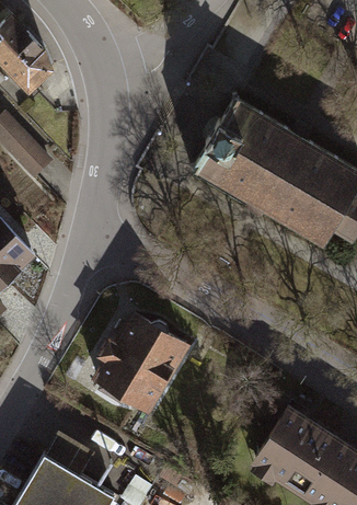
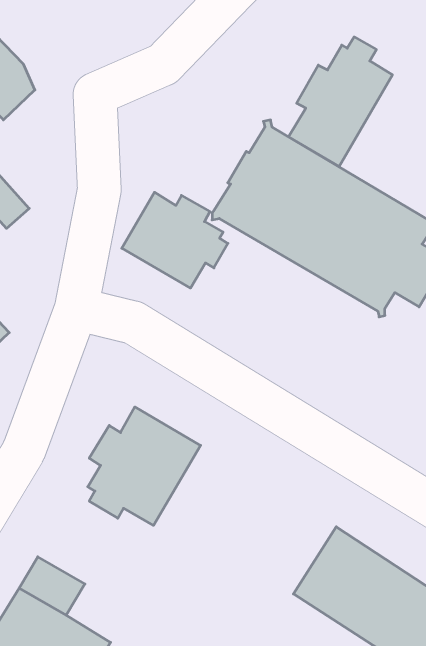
building: none -> [288,37,392,166]
building: none -> [122,192,228,288]

